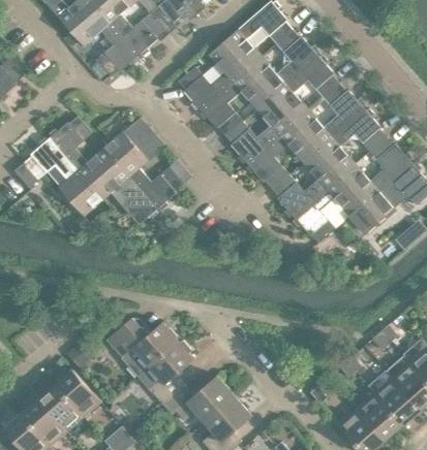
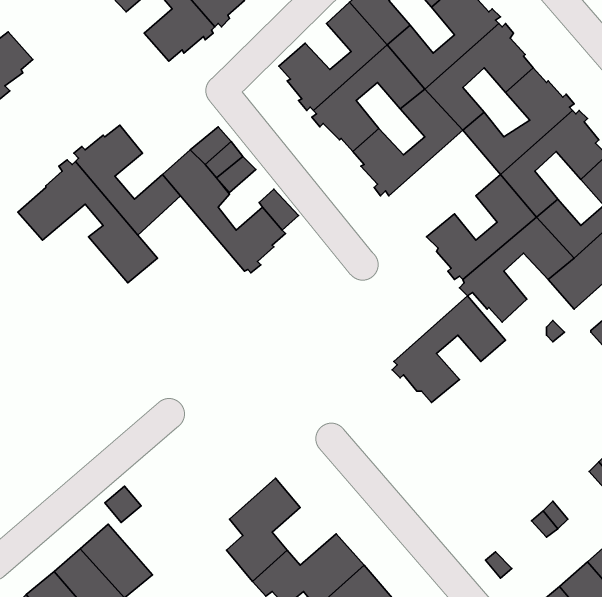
building: [246,121,317,188] -> [392,296,505,403]
building: [89,162,156,226] -> none
building: [104,317,176,375] -> none

